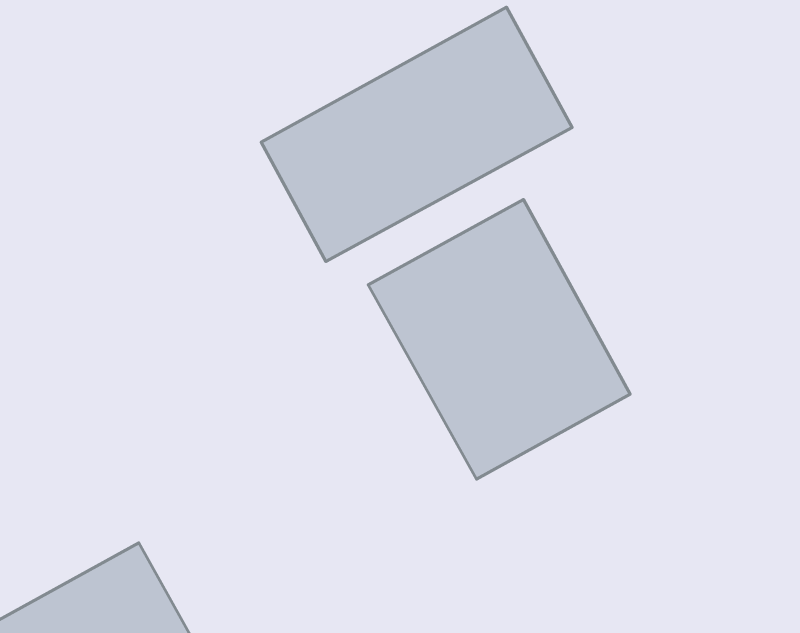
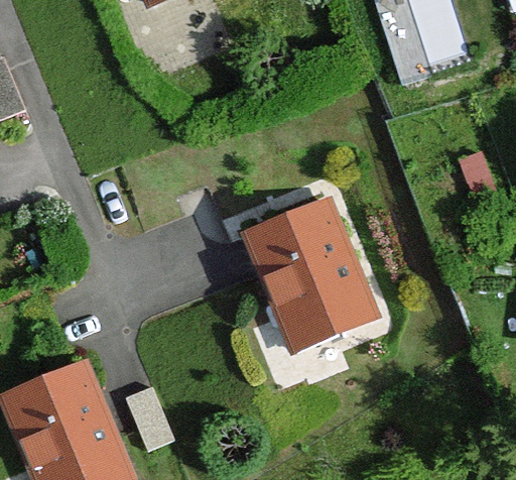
building: [261,7,572,261] -> none

